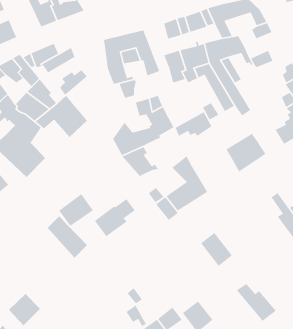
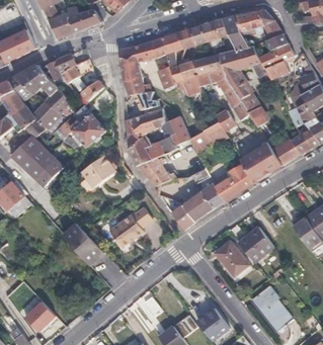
building: none -> [160,34,184,82]
building: none -> [260,44,294,69]
building: none -> [126,112,155,149]
building: none -> [272,140,299,166]
building: none -> [215,163,254,201]
building: [58,193,94,227] -> [80,154,115,187]
building: none -> [239,227,272,261]

